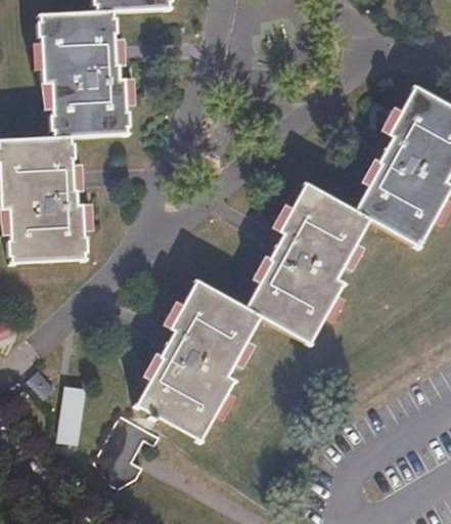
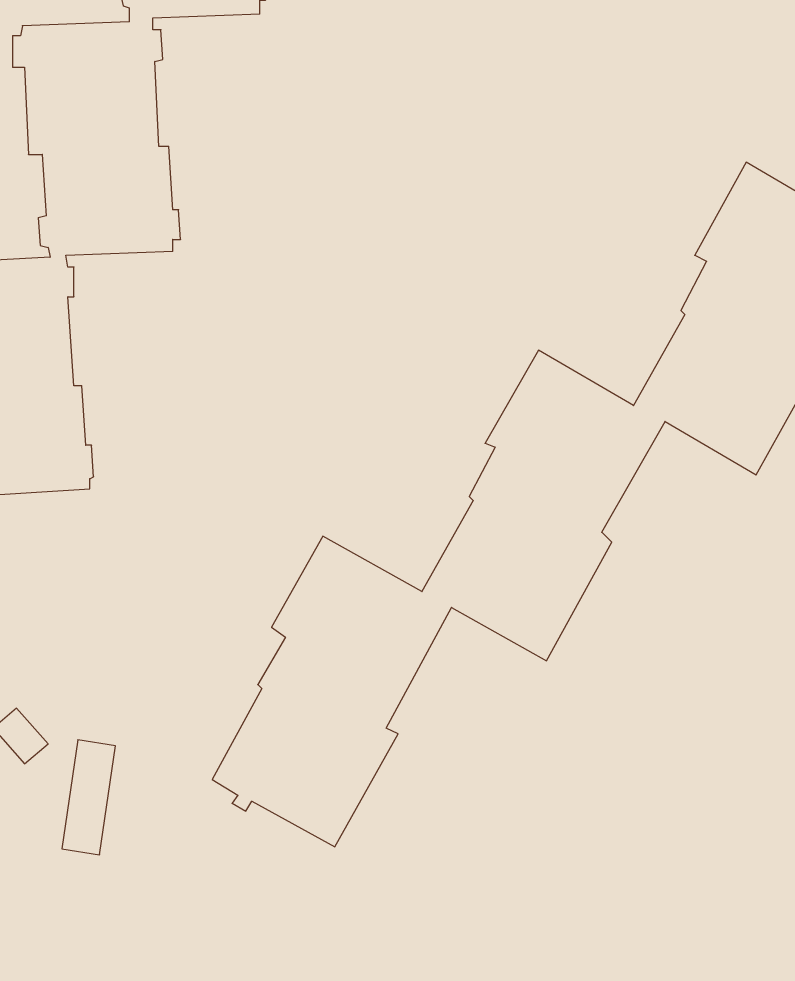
building: [93,412,157,484] -> none

